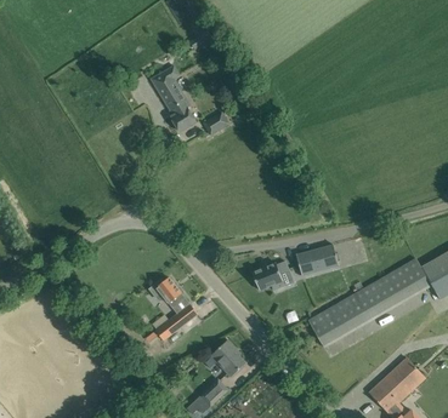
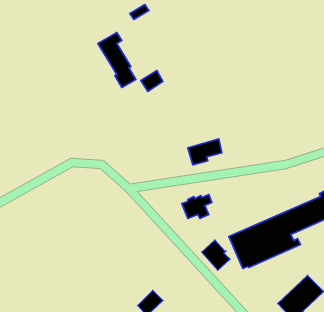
building: [296,244,338,275] -> [188,139,222,165]
building: [149,277,198,340] -> none
building: [212,339,246,376] -> [202,240,230,270]

